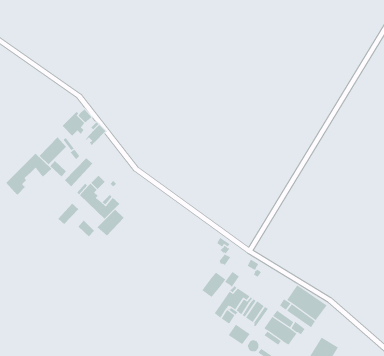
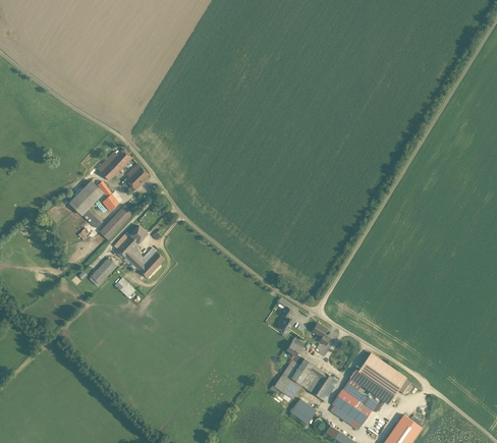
building: [6,153,52,195] -> none
building: [97,209,124,236] -> none
building: [202,272,226,298] -> none

